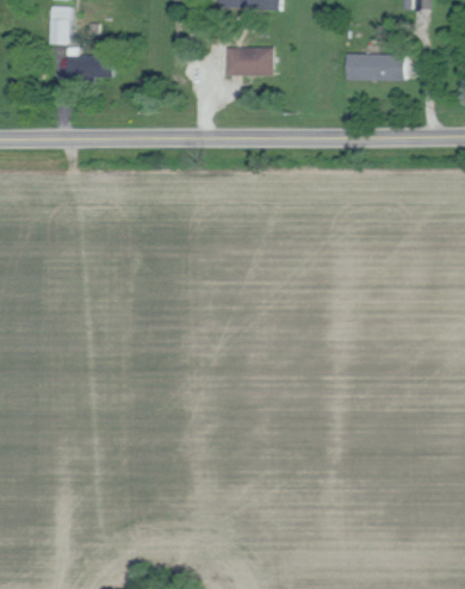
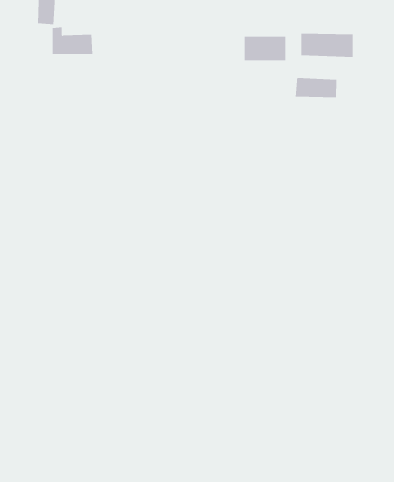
building: [225,48,273,75] -> [244,36,286,61]
building: none -> [295,77,337,98]

